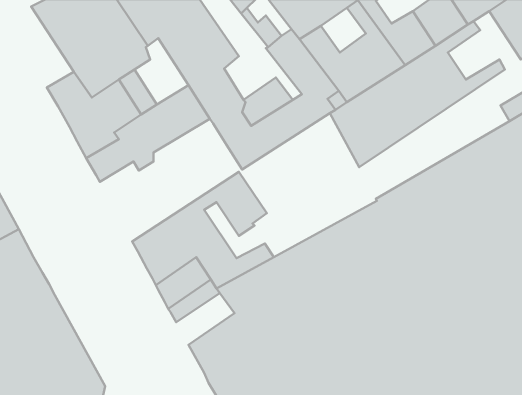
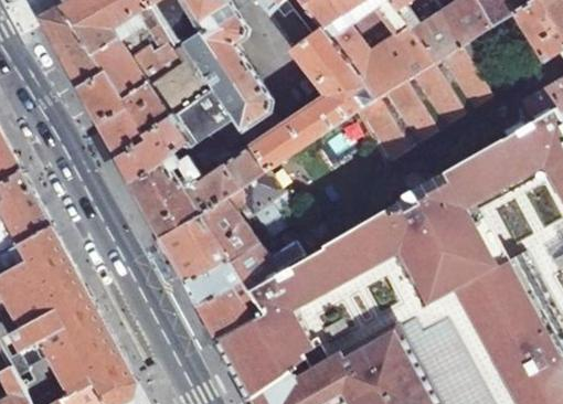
building: none -> [40,7,104,87]
building: none -> [163,39,216,104]
building: none -> [129,118,269,238]
building: none -> [204,289,262,340]

